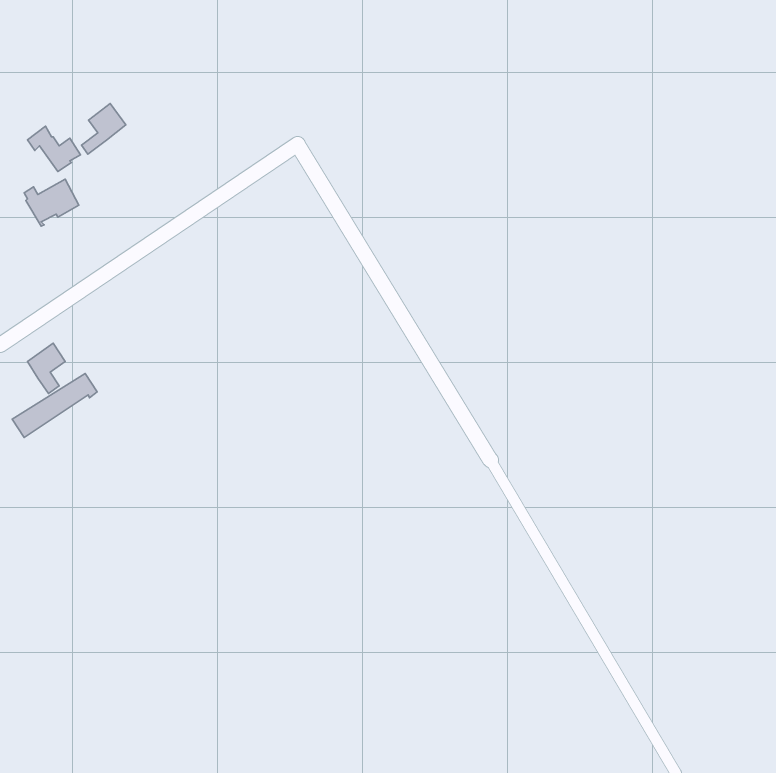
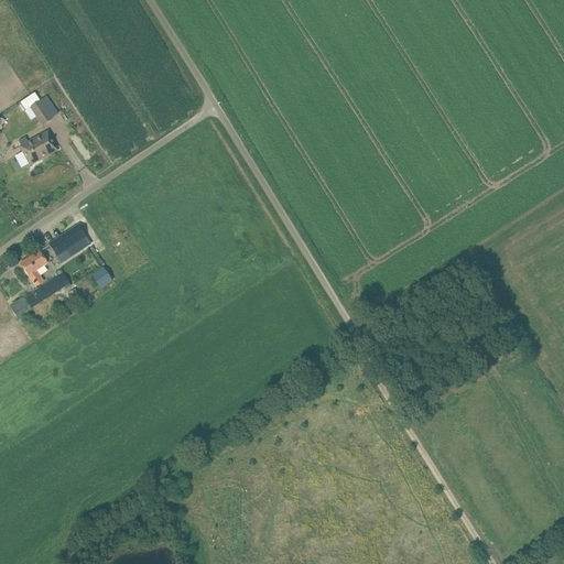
building: [81,103,126,154] -> none
building: none -> [48,224,86,257]

